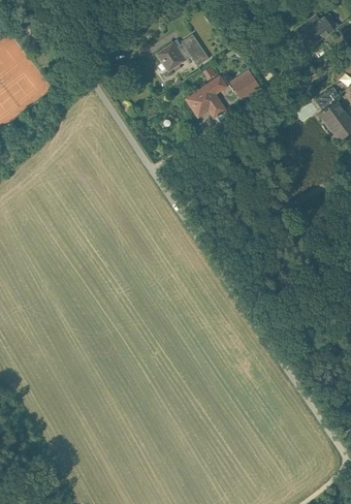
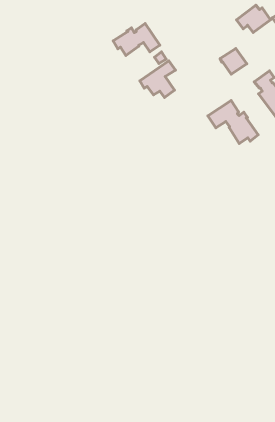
building: [229,70,259,99] -> [220,48,247,74]
building: none -> [208,101,258,143]

